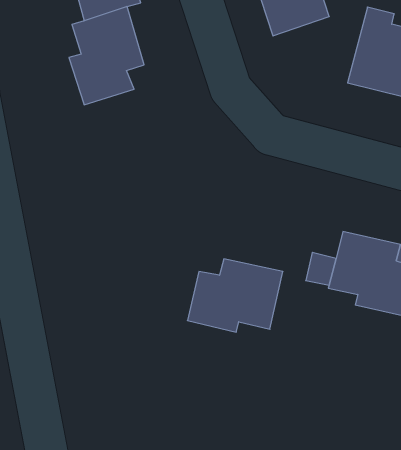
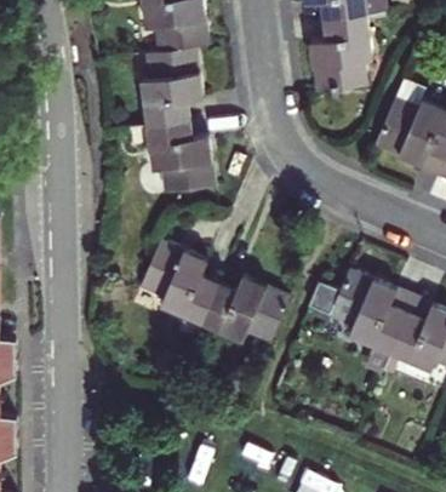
building: none -> [128,119,215,193]
building: none -> [139,241,219,324]

